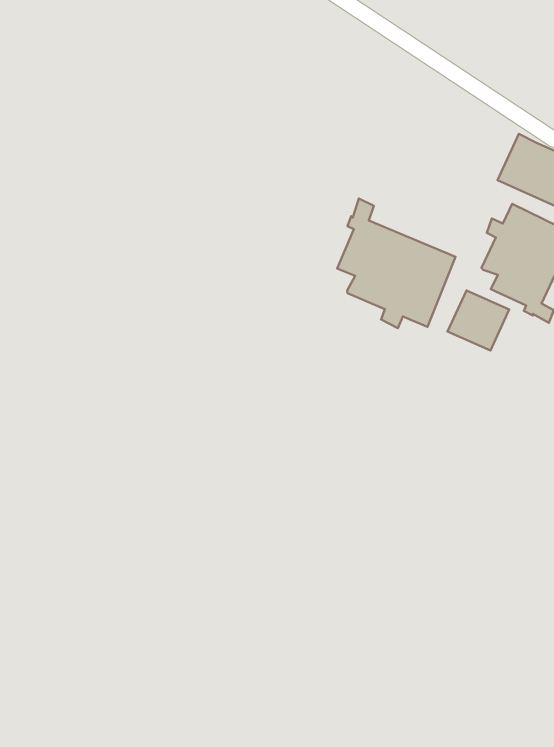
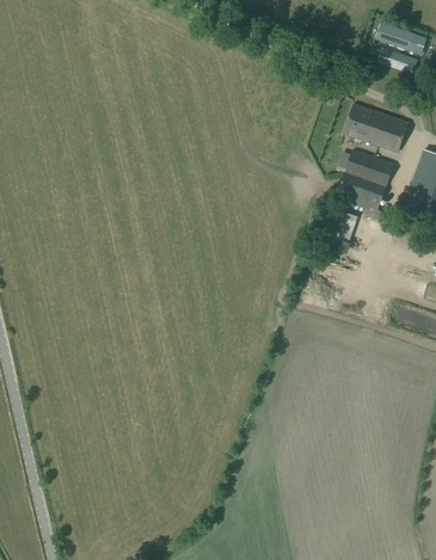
building: [337,199,455,328] -> none

